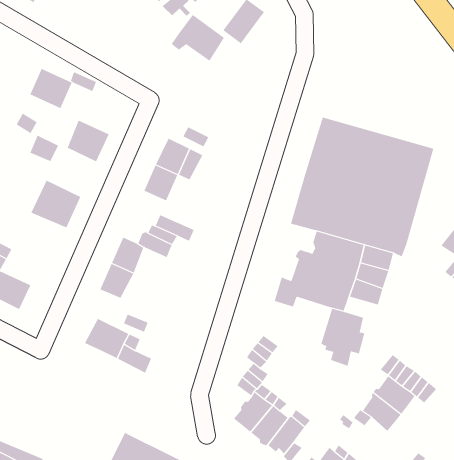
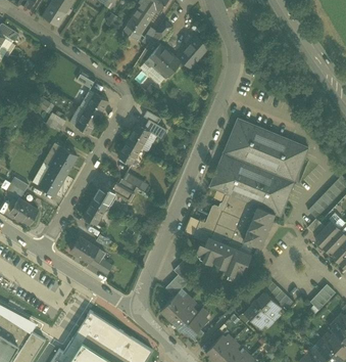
building: [29,68,72,109] -> [79,90,107,118]
building: none -> [31,164,64,195]
building: none -> [194,235,231,267]

